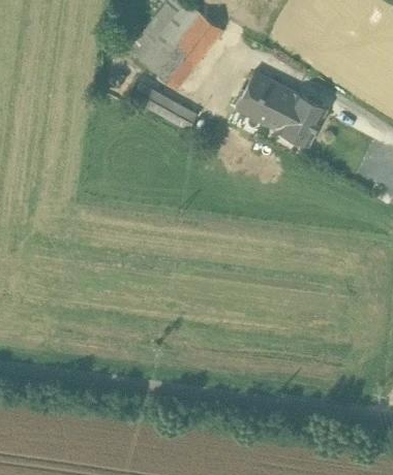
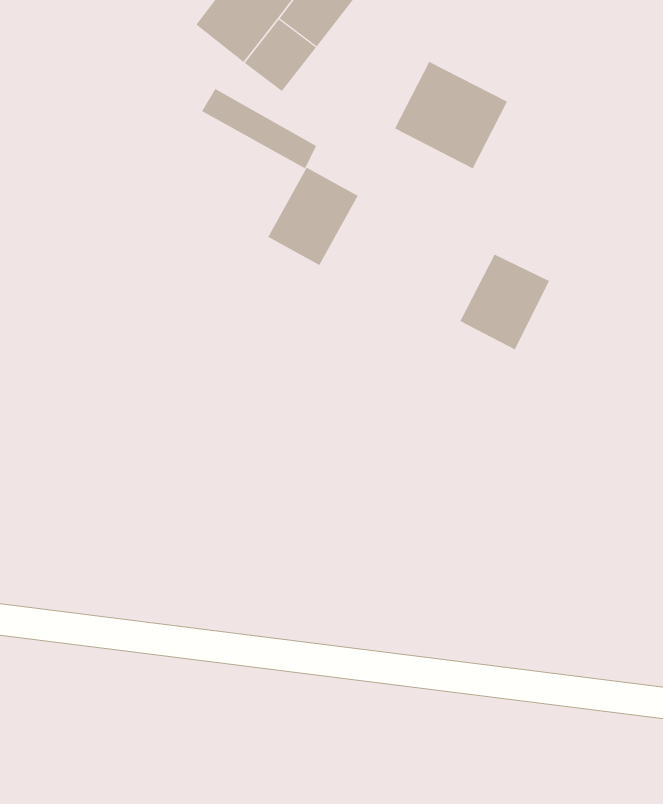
building: [278,95,327,147] -> [459,254,550,350]
building: none -> [268,167,358,266]

